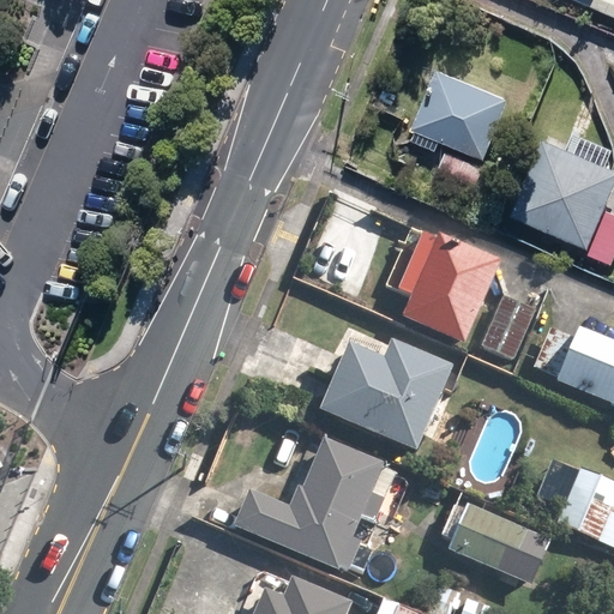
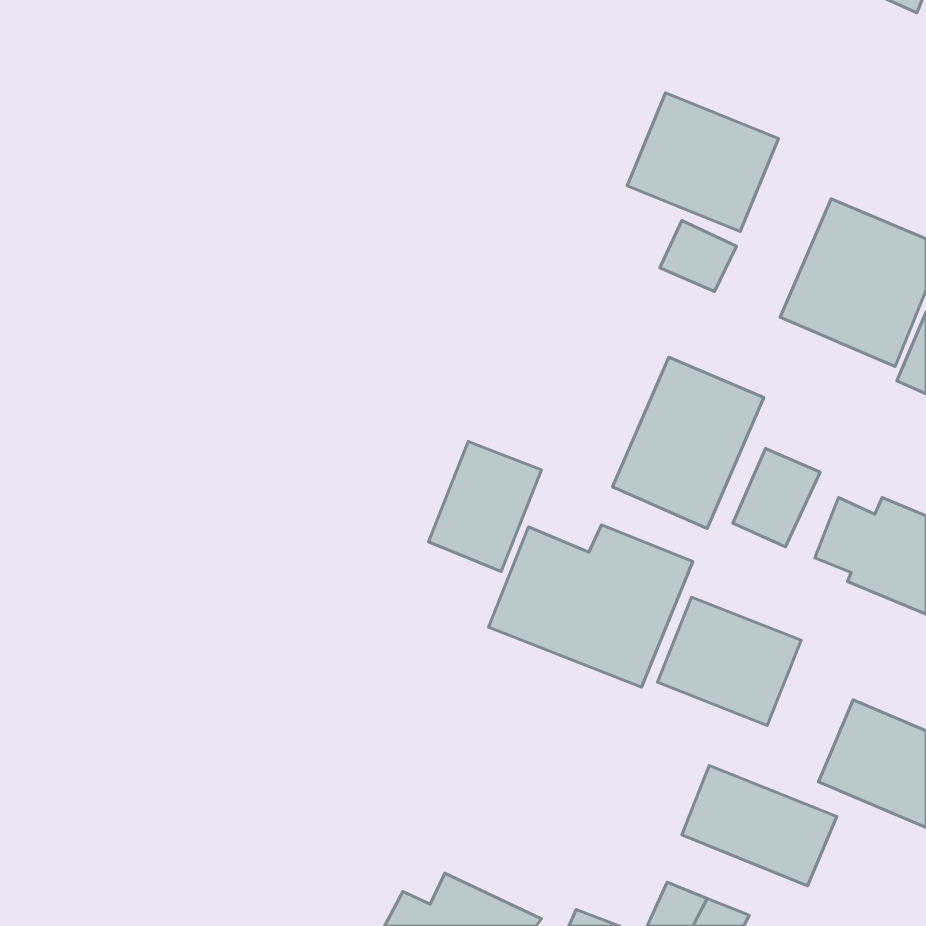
building: none -> [429,441,542,571]
building: none -> [658,597,801,725]
building: [230,435,386,571] -> none

